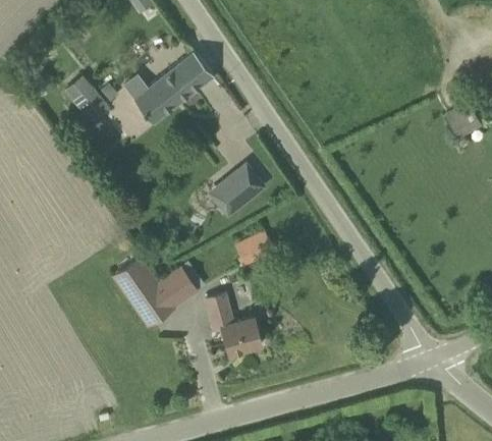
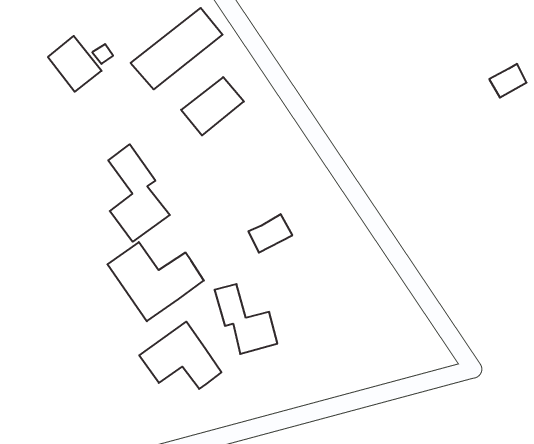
building: [205,159,260,210] -> [181,77,244,135]
building: none -> [108,144,170,242]
building: none -> [139,322,221,389]

